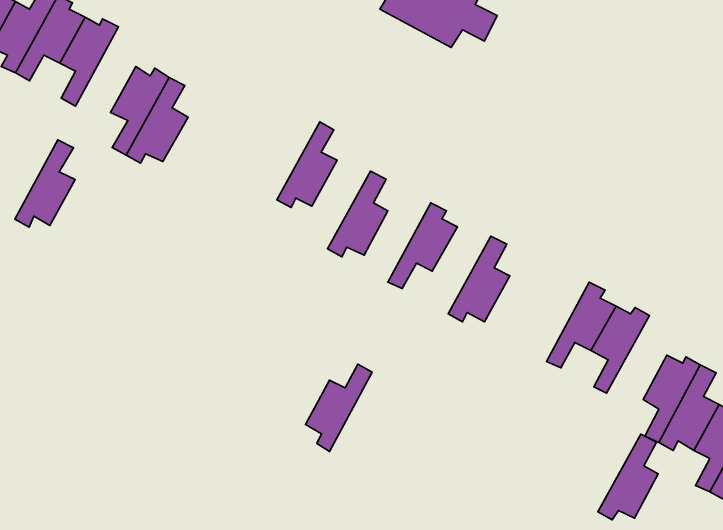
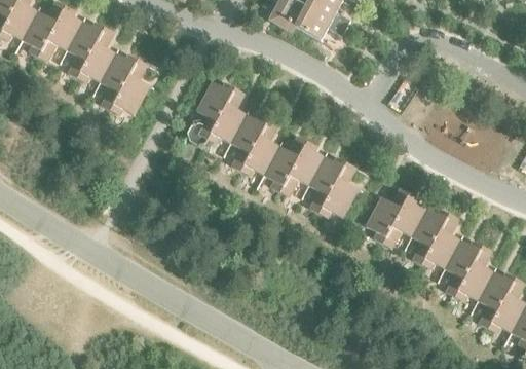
building: none -> [187,80,234,143]
building: [15,140,75,227] -> [76,26,115,82]
building: none -> [229,112,267,170]
building: none -> [307,155,345,212]
building: none -> [365,186,409,243]
building: [306,364,372,451] -> [263,135,306,191]
building: [598,434,658,520] -> [420,213,459,268]

